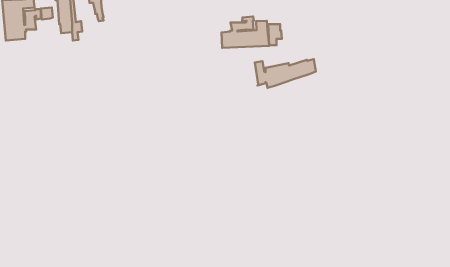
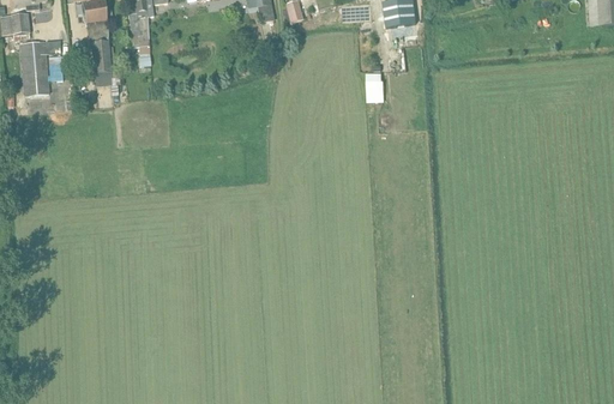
building: [222,16,269,48] -> none
building: [255,59,316,88] -> none

